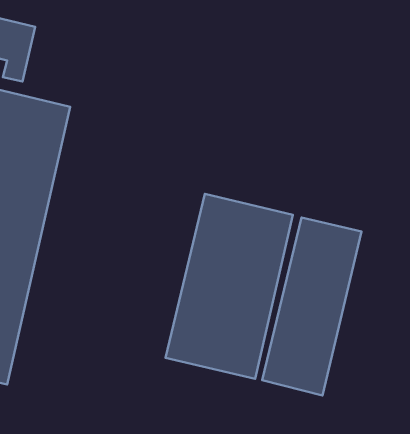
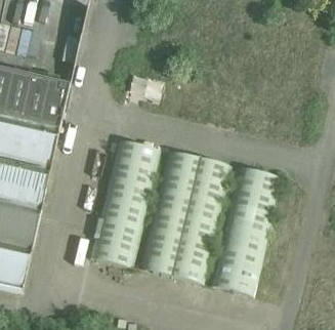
building: none -> [89,137,161,267]

